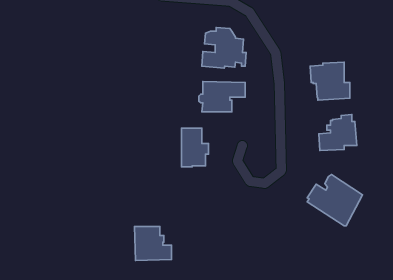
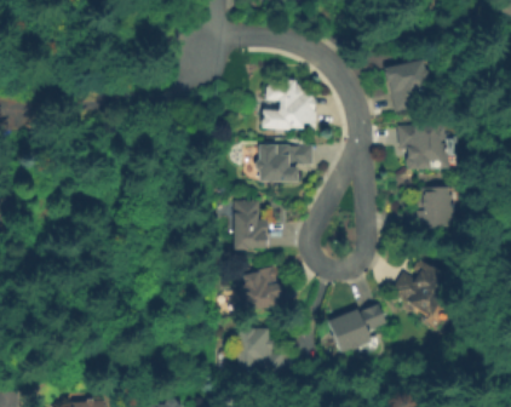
building: none -> [384,56,427,108]
building: none -> [240,268,287,314]
building: none -> [327,300,384,351]
building: [135,227,171,261] -> [239,331,285,373]

